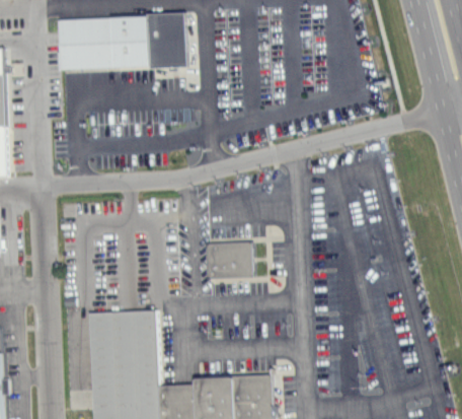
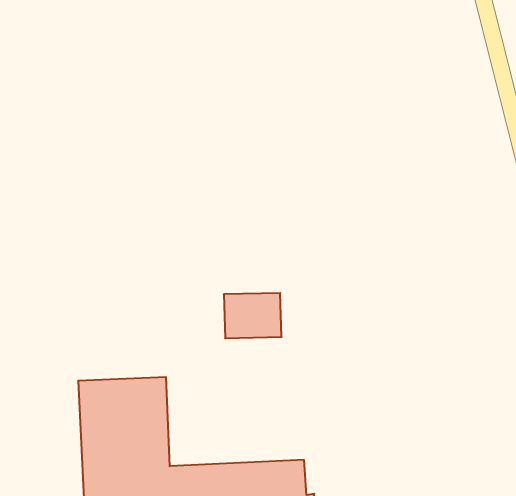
building: [55,14,186,70] -> none

